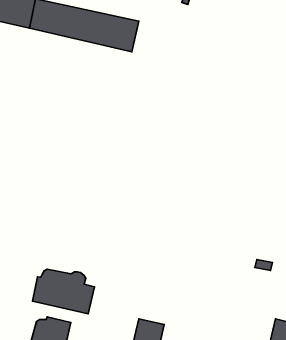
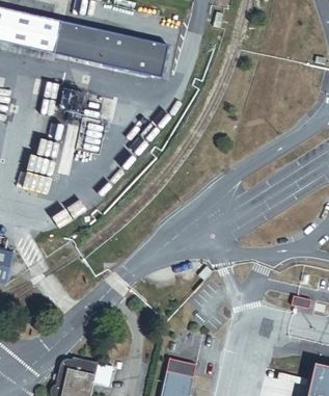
building: [32,269,95,314] -> none

